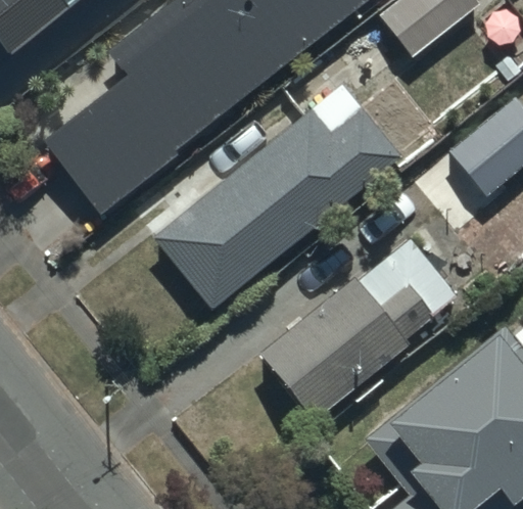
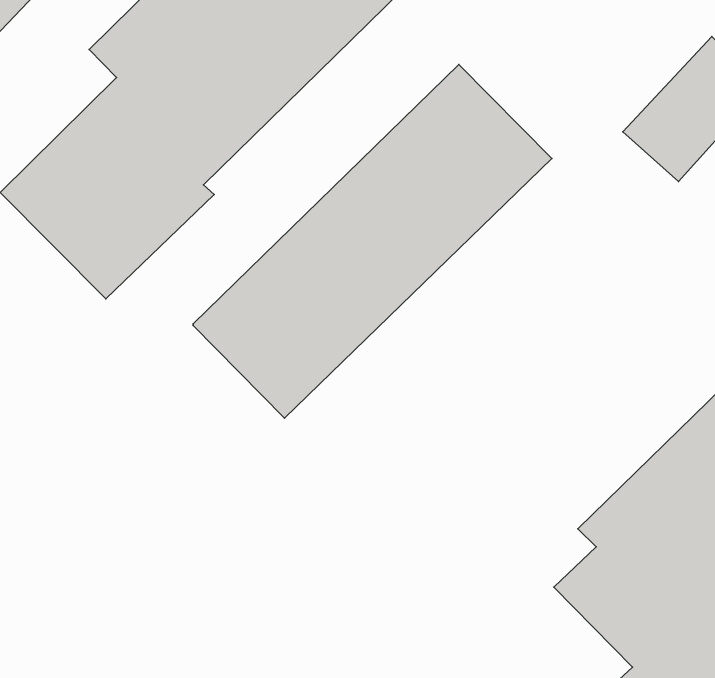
building: [258,240,462,418] -> none

